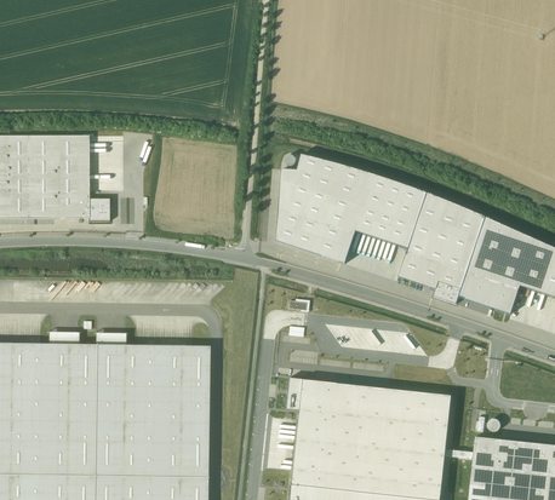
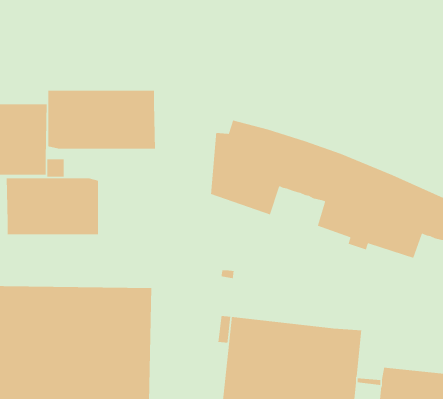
building: none -> [48,90,156,149]
building: none -> [6,178,99,235]

